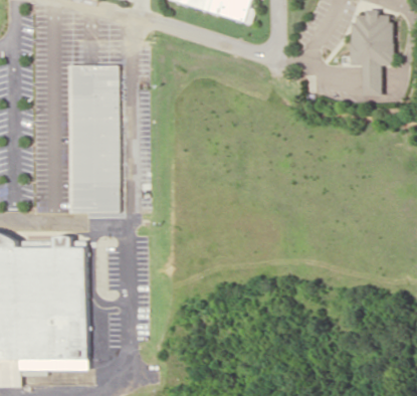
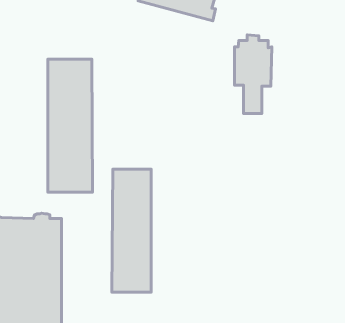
building: [353,10,394,96] -> [234,35,272,113]
building: none -> [112,169,151,292]

